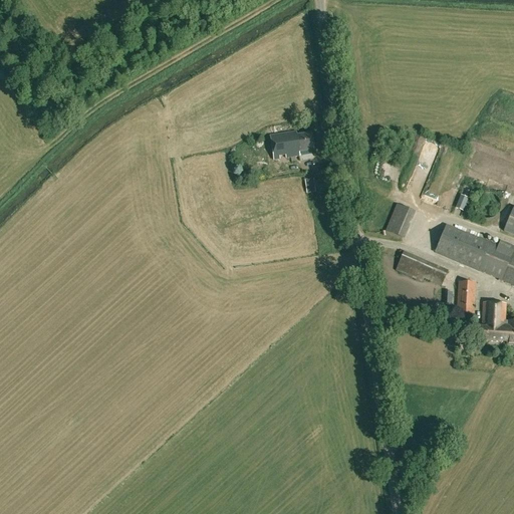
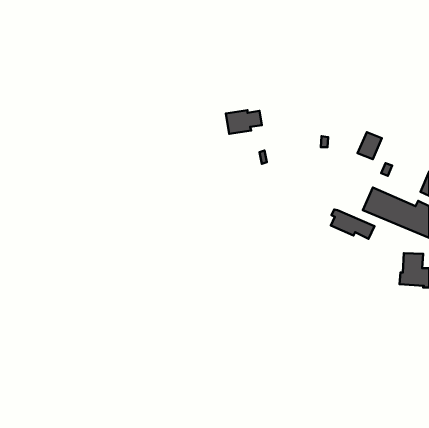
building: [390,204,419,236] -> [358,132,382,159]
building: [451,281,476,314] -> none

